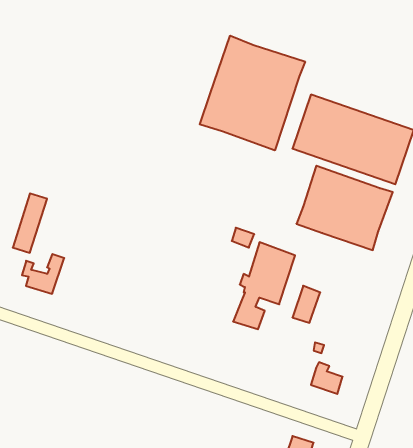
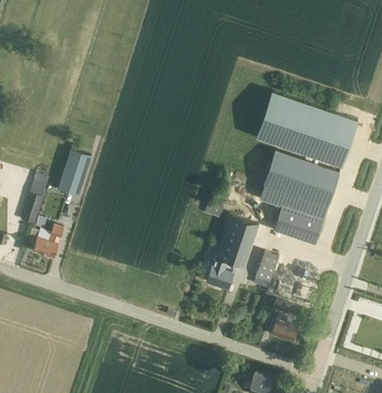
building: [200,36,305,150] -> none
building: none -> [59,148,91,195]
building: none -> [273,206,323,242]

